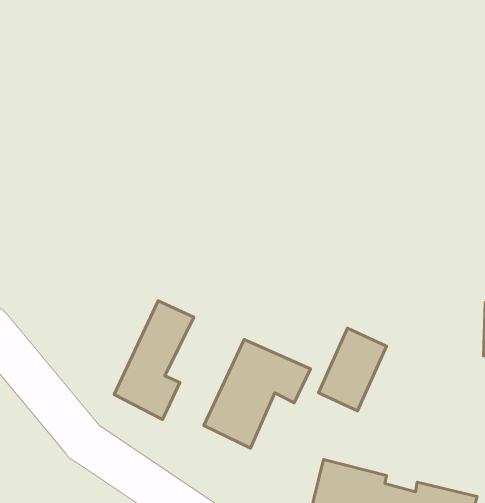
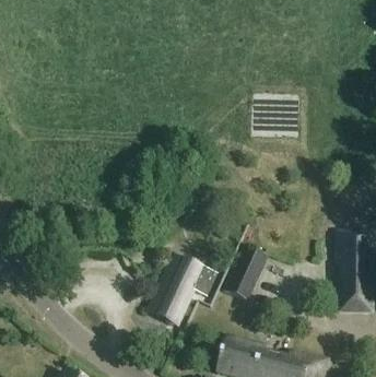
building: [114,301,194,420] -> none

